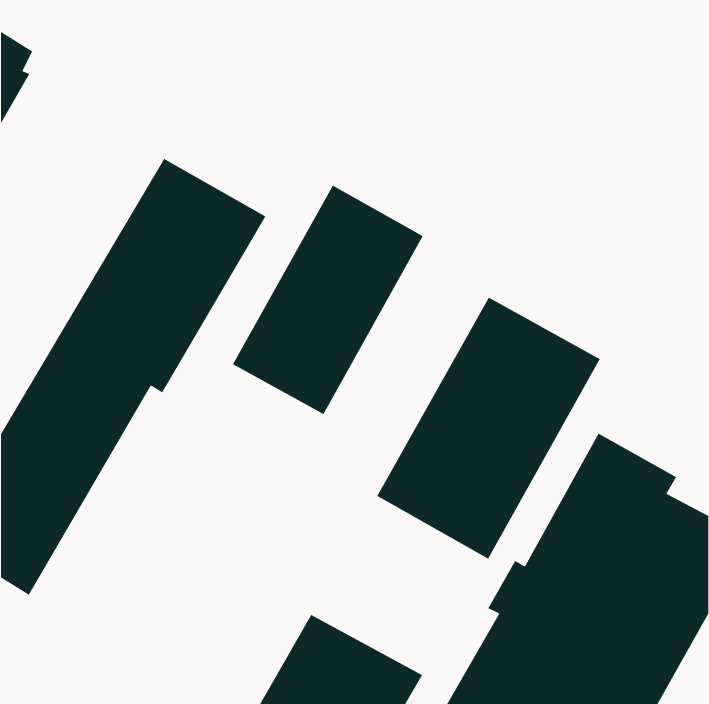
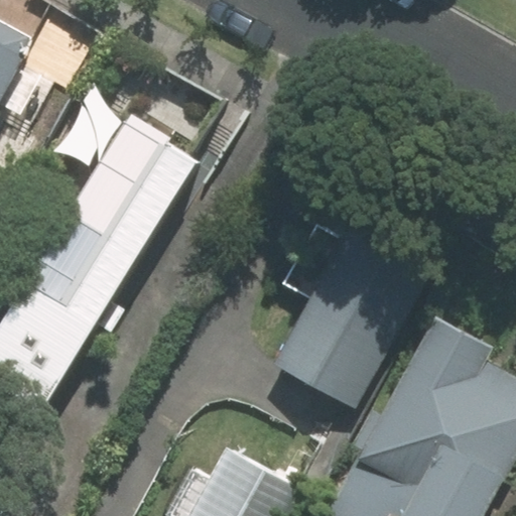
building: [232,185,424,415] -> none

